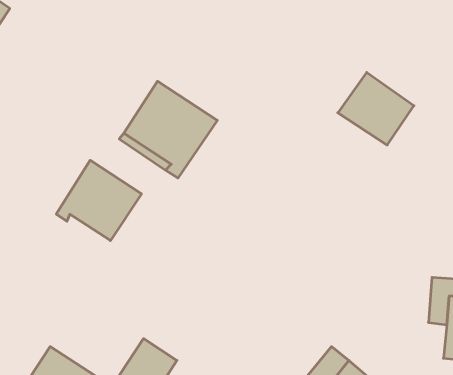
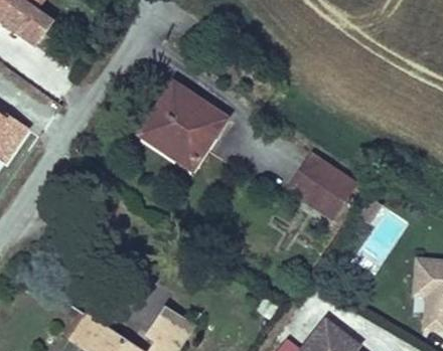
building: [338,72,414,145] -> [287,155,353,218]
building: [56,160,141,241] -> none

